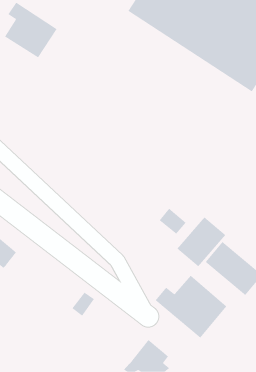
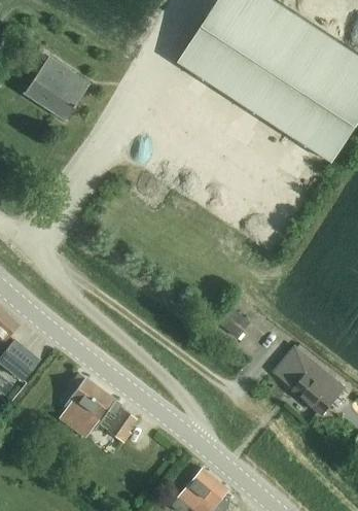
building: [177,216,226,267] -> none
building: none -> [64,374,122,431]
building: [155,275,227,338] -> none

